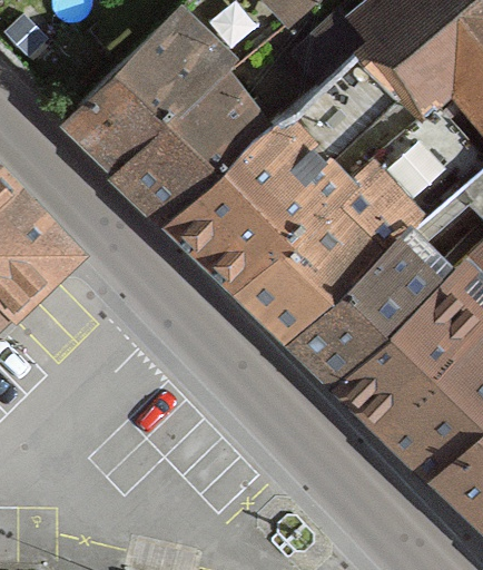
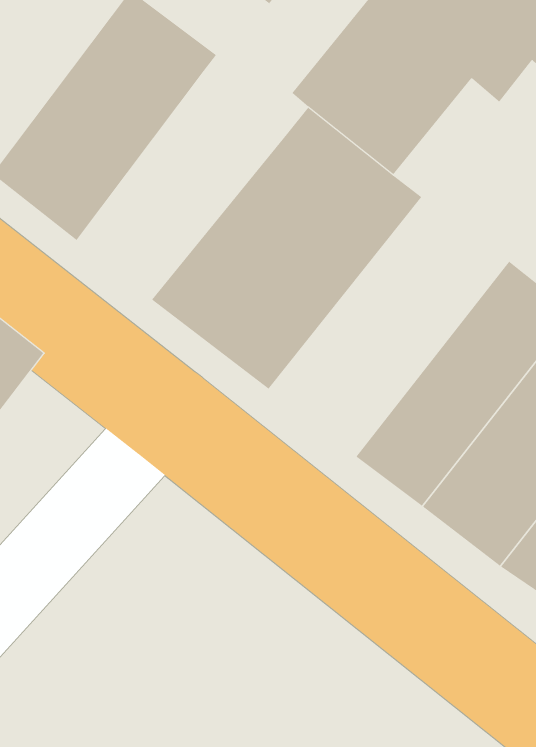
building: [118,70,273,223] -> none
building: [236,164,427,351] -> none

